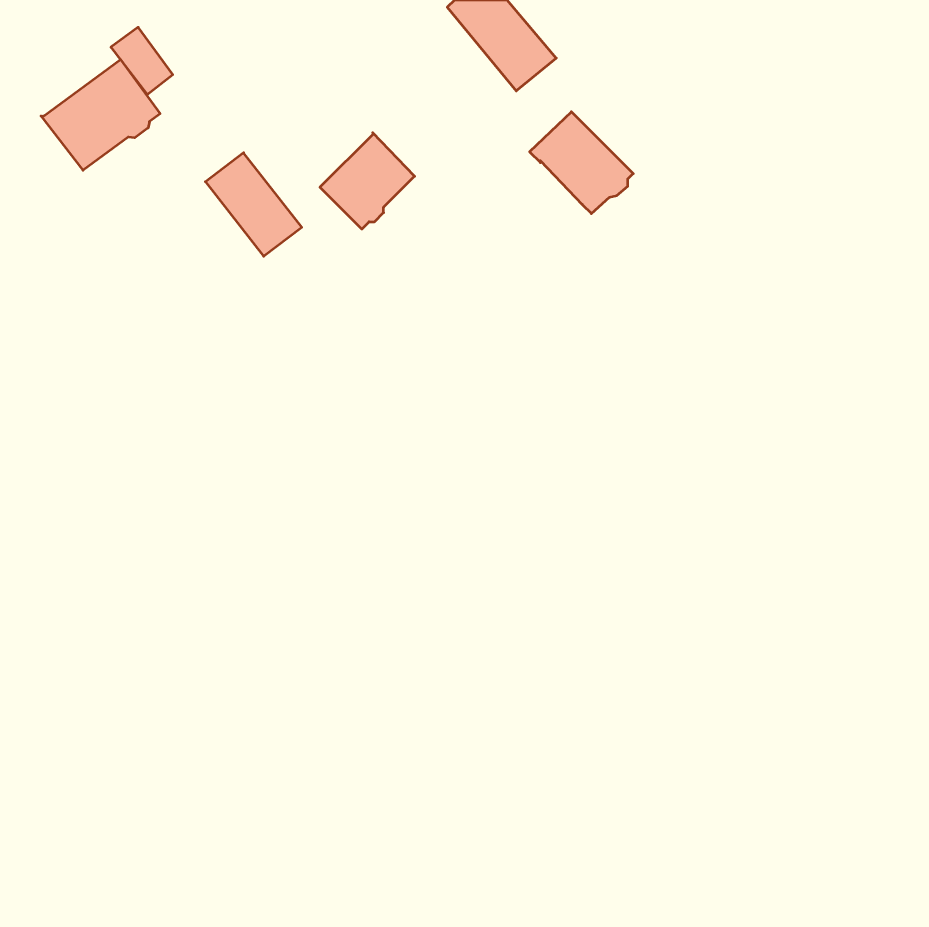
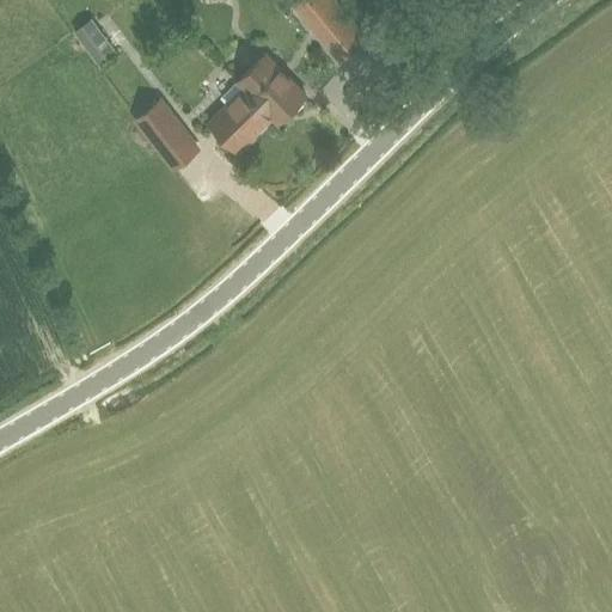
building: [41,60,160,170] -> none
building: [530,112,633,214] -> [238,56,306,123]

